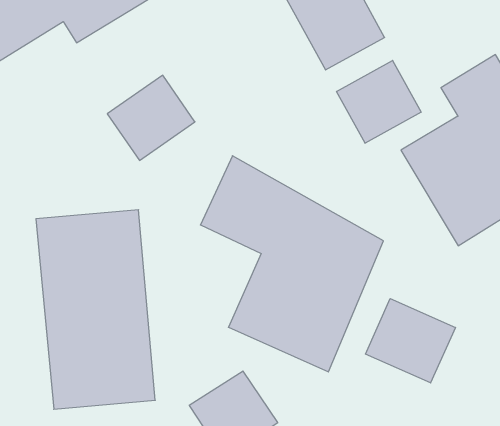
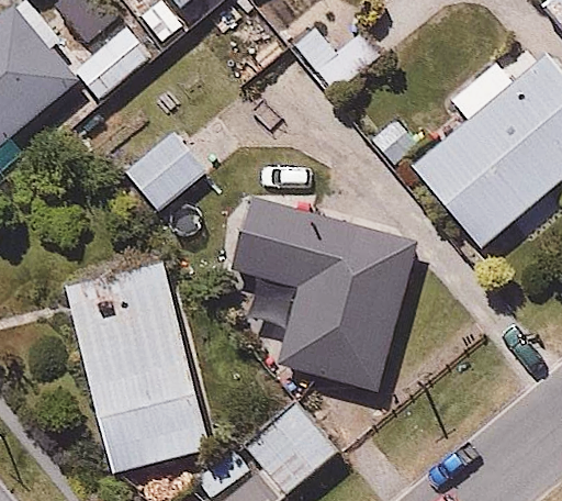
building: [337,60,421,143] -> none
building: [365,299,455,383] -> none

